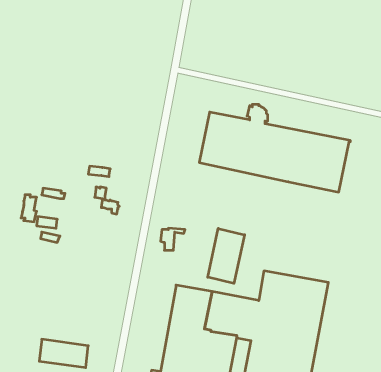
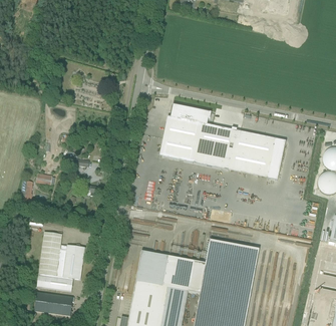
building: [208,228,245,283] -> none
building: none -> [37,231,86,290]

